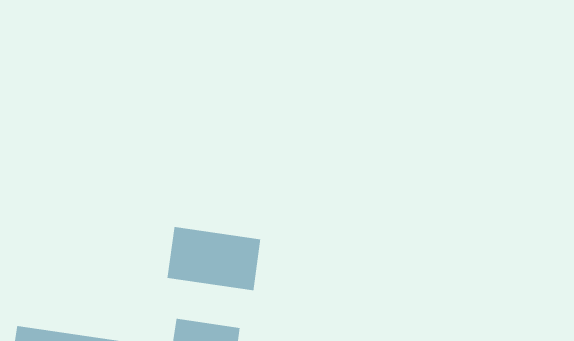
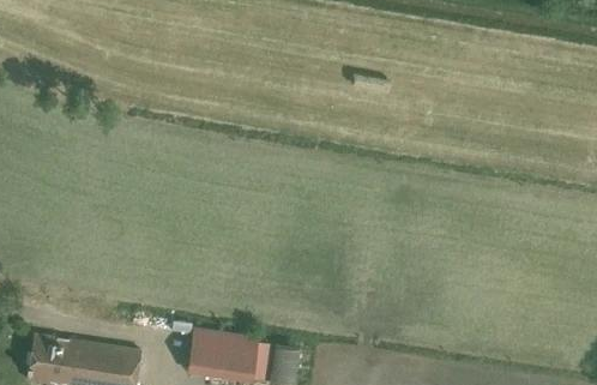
building: [167,226,261,291] -> none

